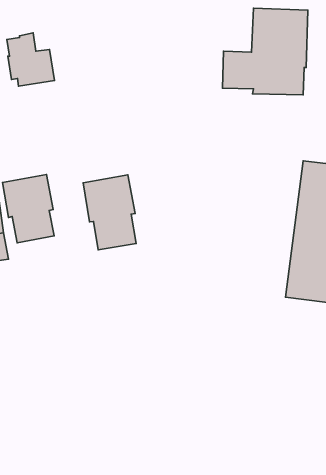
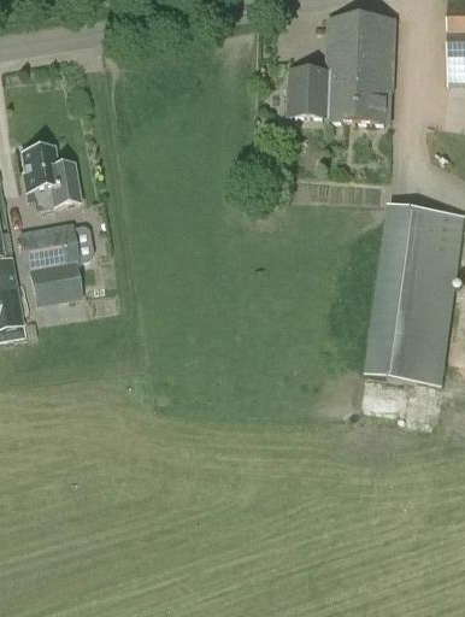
building: [7,33,54,86] -> [20,142,80,208]
building: [83,175,136,250] -> none

